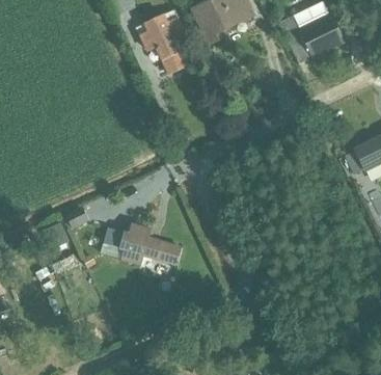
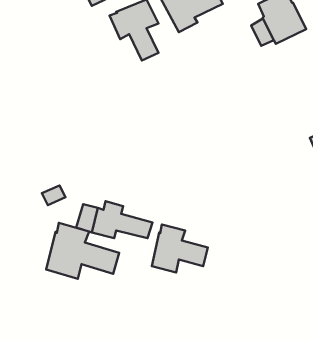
building: none -> [46,223,119,279]
building: none -> [152,225,208,273]

